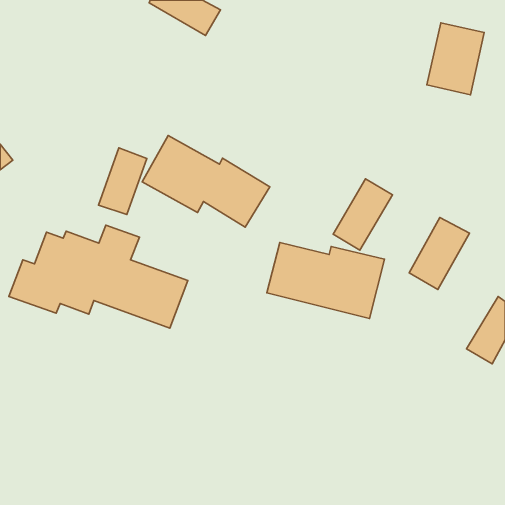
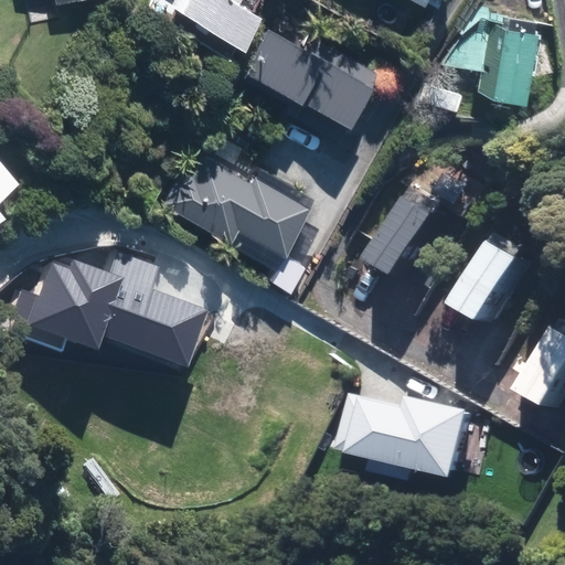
building: none -> [235,28,381,129]
building: [99,148,147,215] -> none
building: [267,243,384,319] -> [333,392,465,477]

